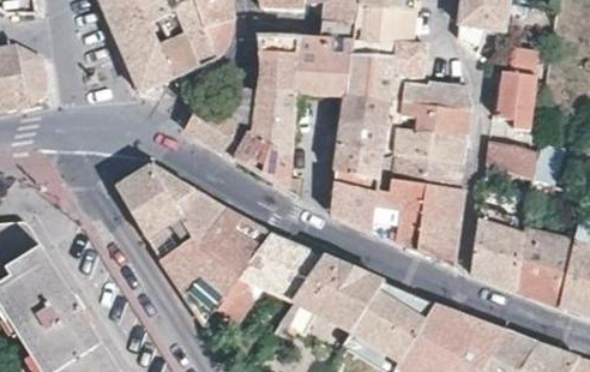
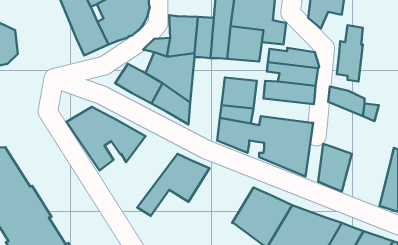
building: [339,96,389,127] -> none
building: [391,152,466,187] -> none
building: [161,206,272,323] -> none
building: [506,227,576,306] -> none
building: [278,252,380,334] -> none

